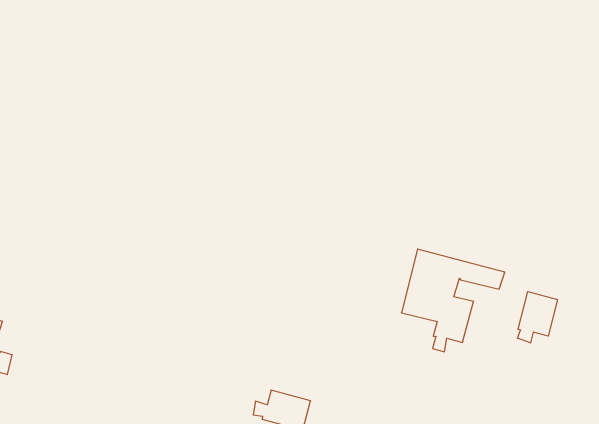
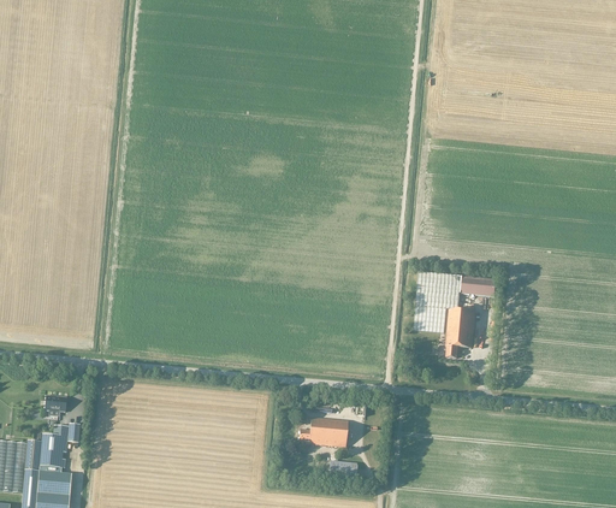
building: [518,292,558,343] -> none

